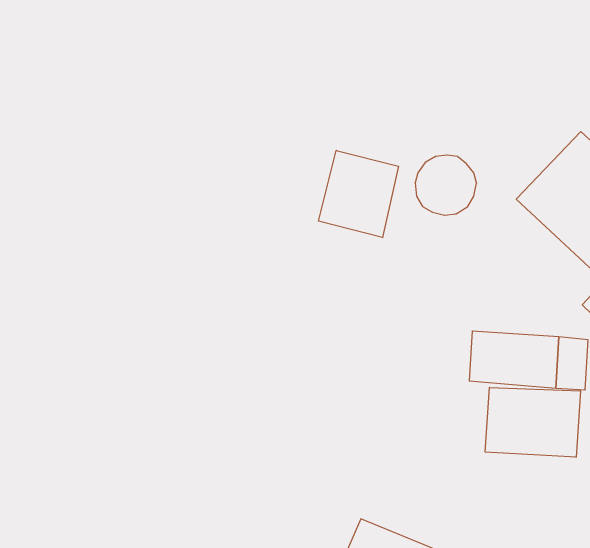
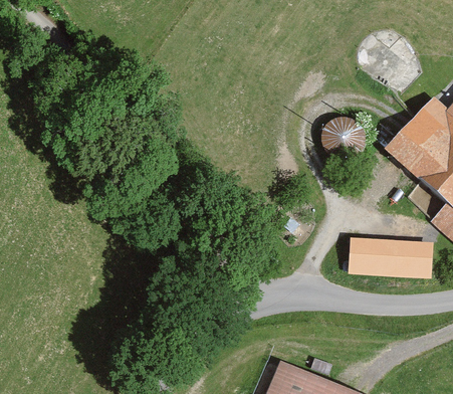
building: [319,150,398,238] -> none
building: [485,387,580,457] -> none

